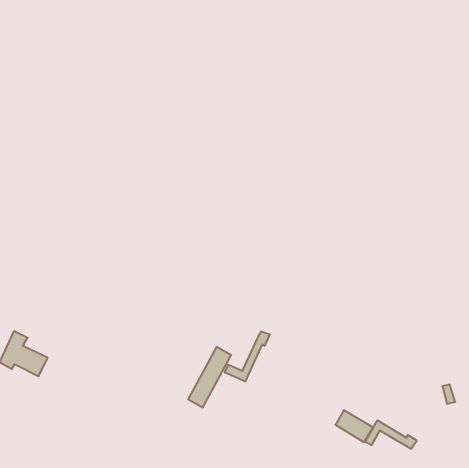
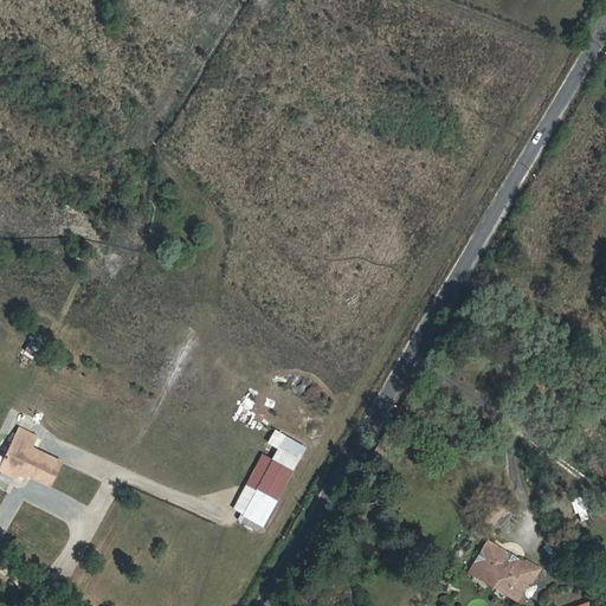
building: [225,331,270,382] -> none
building: [335,410,373,442] -> [479,555,528,597]

